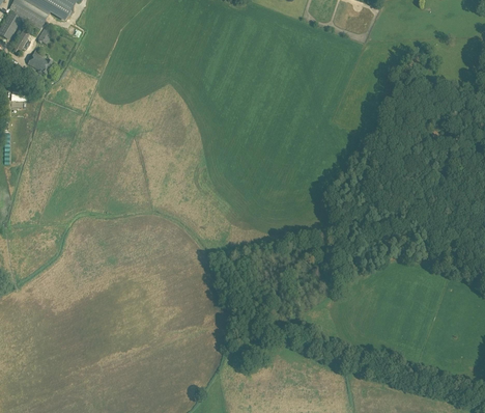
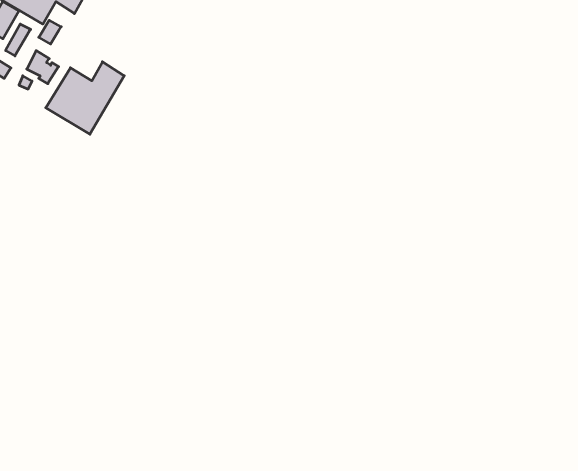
building: none -> [46,62,124,134]

